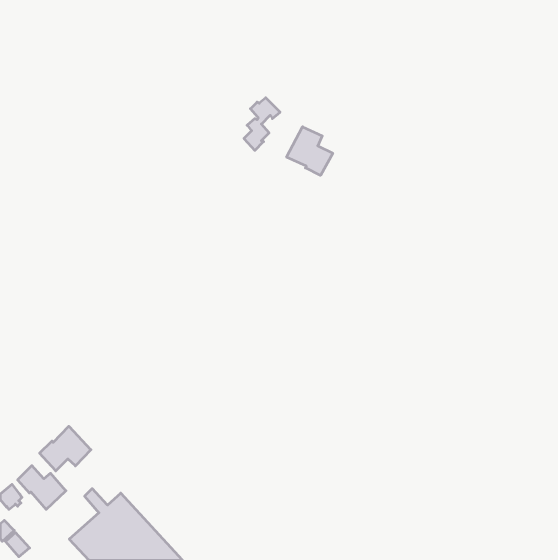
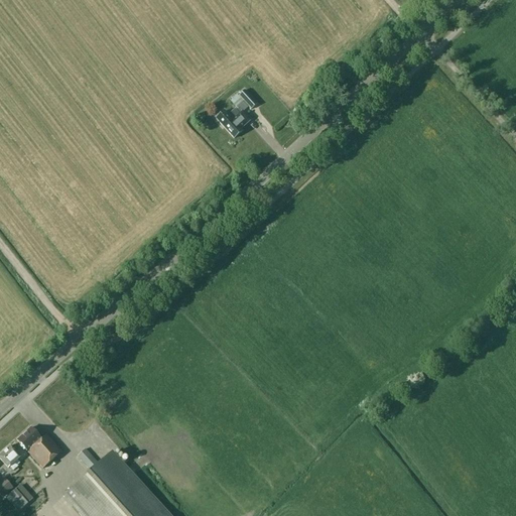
building: [287,127,333,175] -> none
building: [40,426,91,471] -> none

